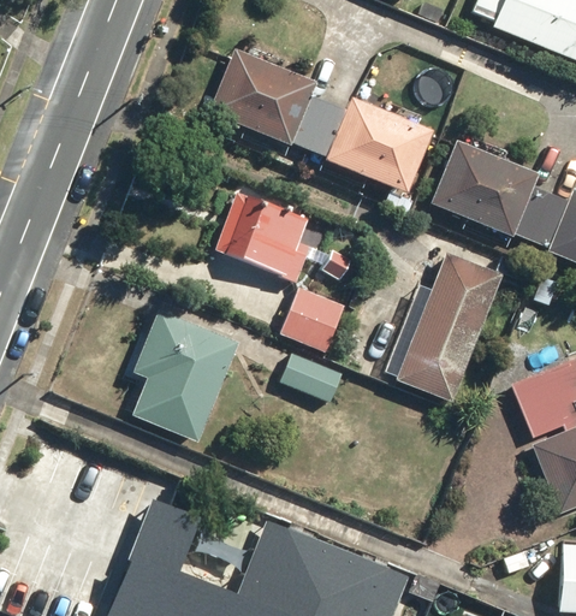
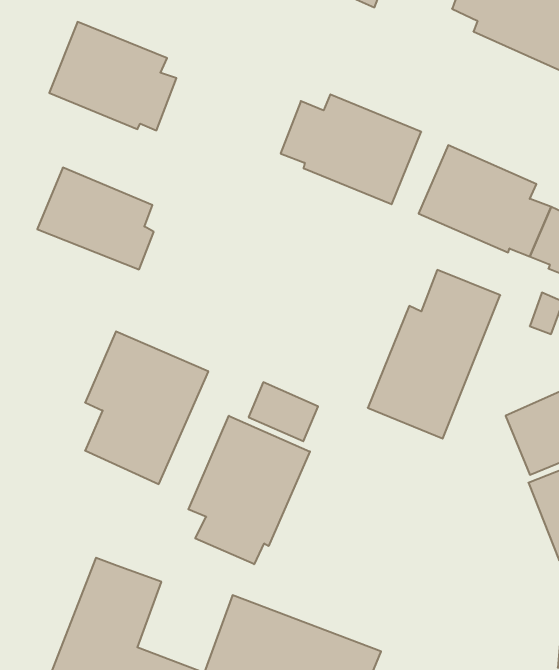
building: [213,49,327,147] -> [49,22,176,130]
building: [206,186,310,278] -> [37,168,154,269]
building: [280,285,349,351] -> none
building: none -> [188,416,310,564]

